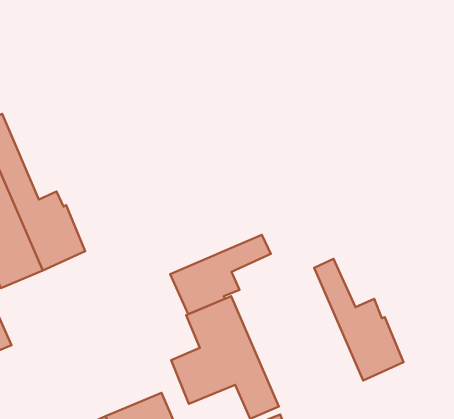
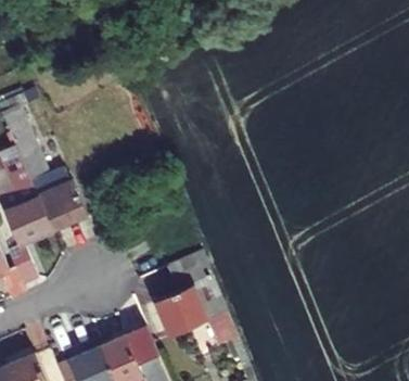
building: [170,235,271,314] -> none
building: [314,259,404,381] -> none

